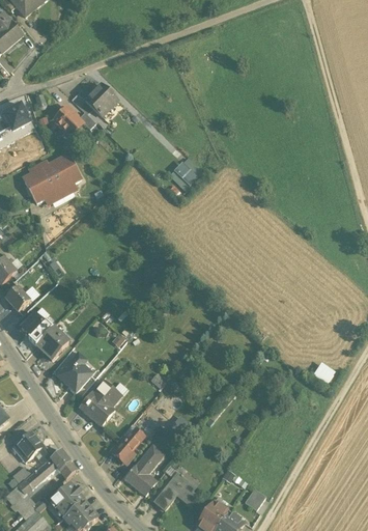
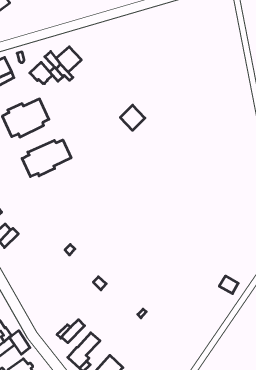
building: none -> [22,140,71,177]
building: [35,326,68,359] -> none
building: [57,353,90,392] -> none
building: [78,379,122,427] -> none

